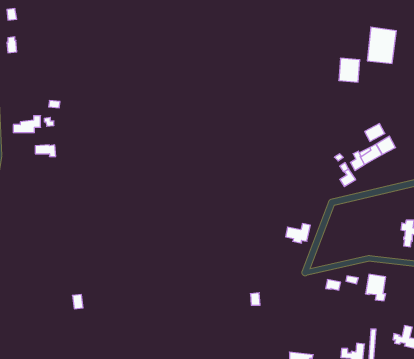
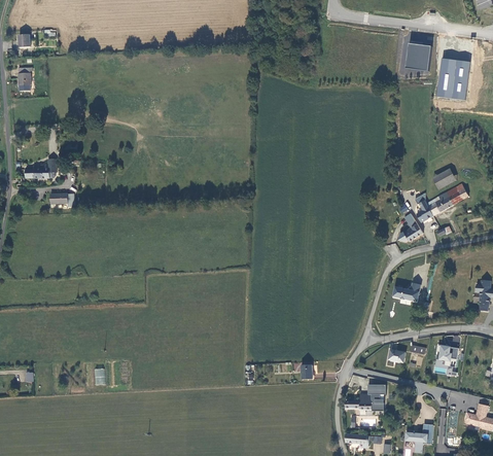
building: [339,58,360,82] -> [406,41,430,69]
building: [286,224,310,243] -> [392,280,421,303]
building: none -> [346,384,386,410]

